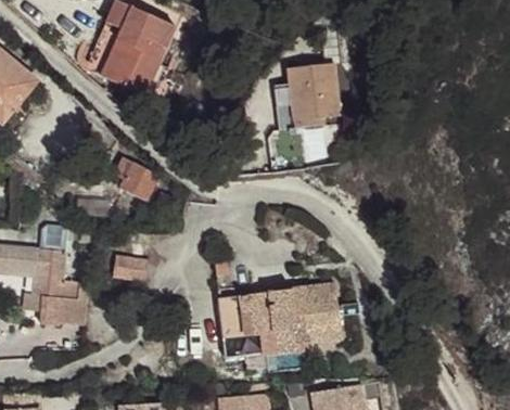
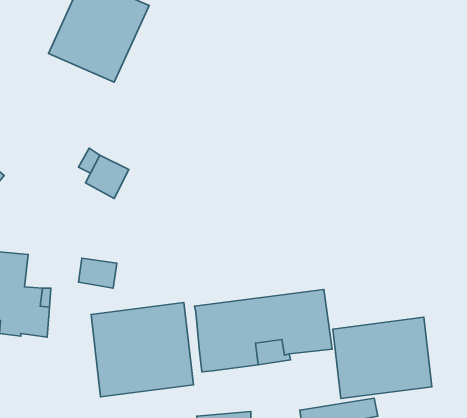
building: [273,63,340,130] -> none
building: none -> [91,302,194,397]
building: none -> [333,317,432,399]

